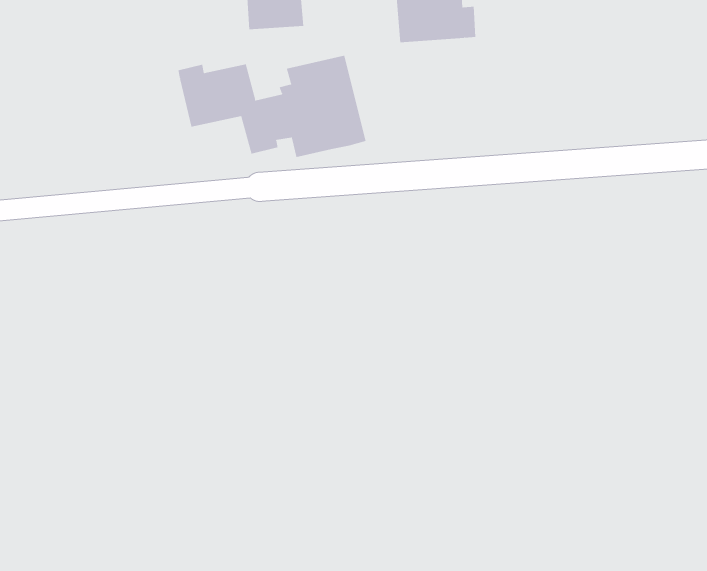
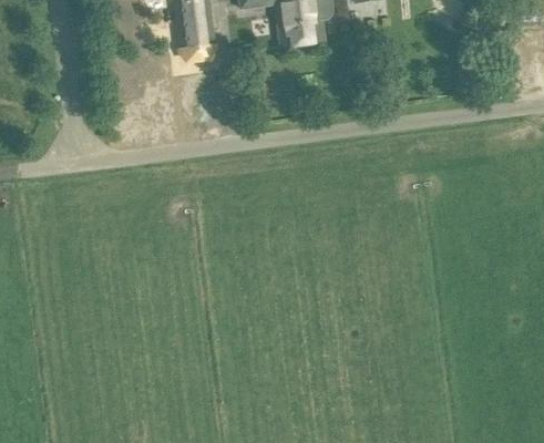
building: [178,55,366,158] -> none

